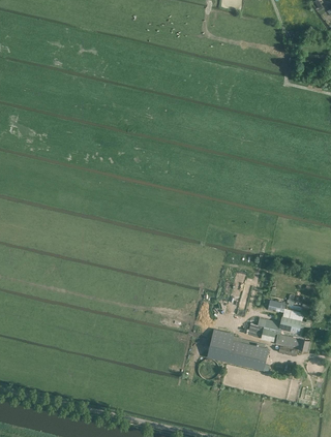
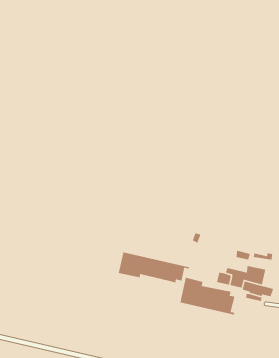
building: none -> [118,252,190,283]

